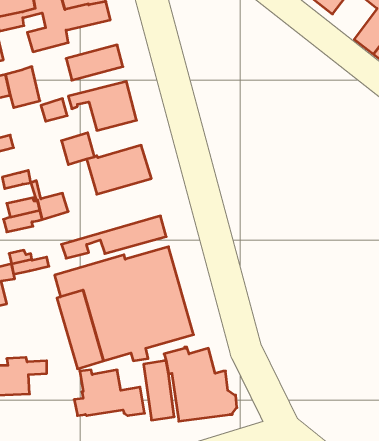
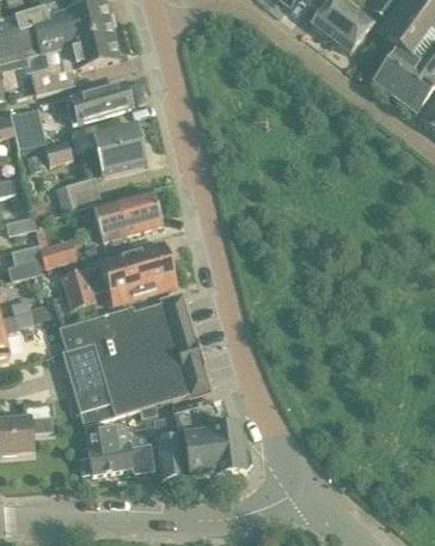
building: none -> [62,243,171,294]

